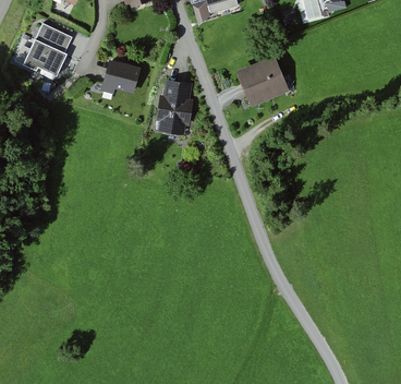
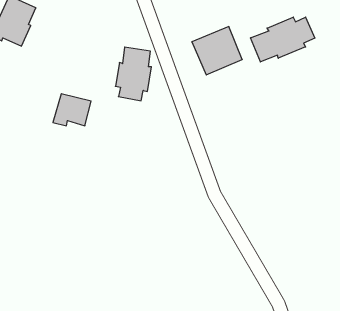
building: none -> [251,17,315,62]
building: [99,60,139,94] -> [53,94,91,126]

